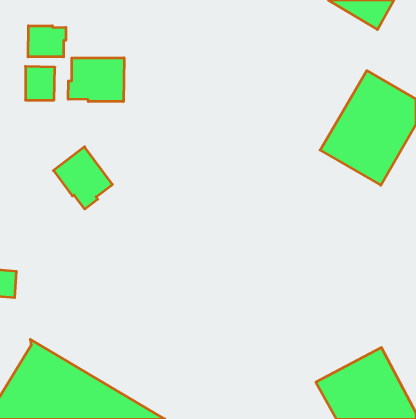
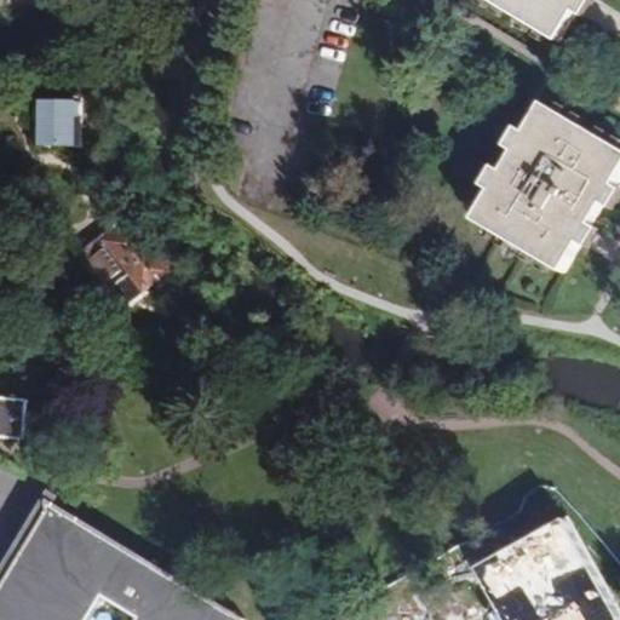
building: [28,26,66,57] -> none
building: [68,58,124,102] -> none

